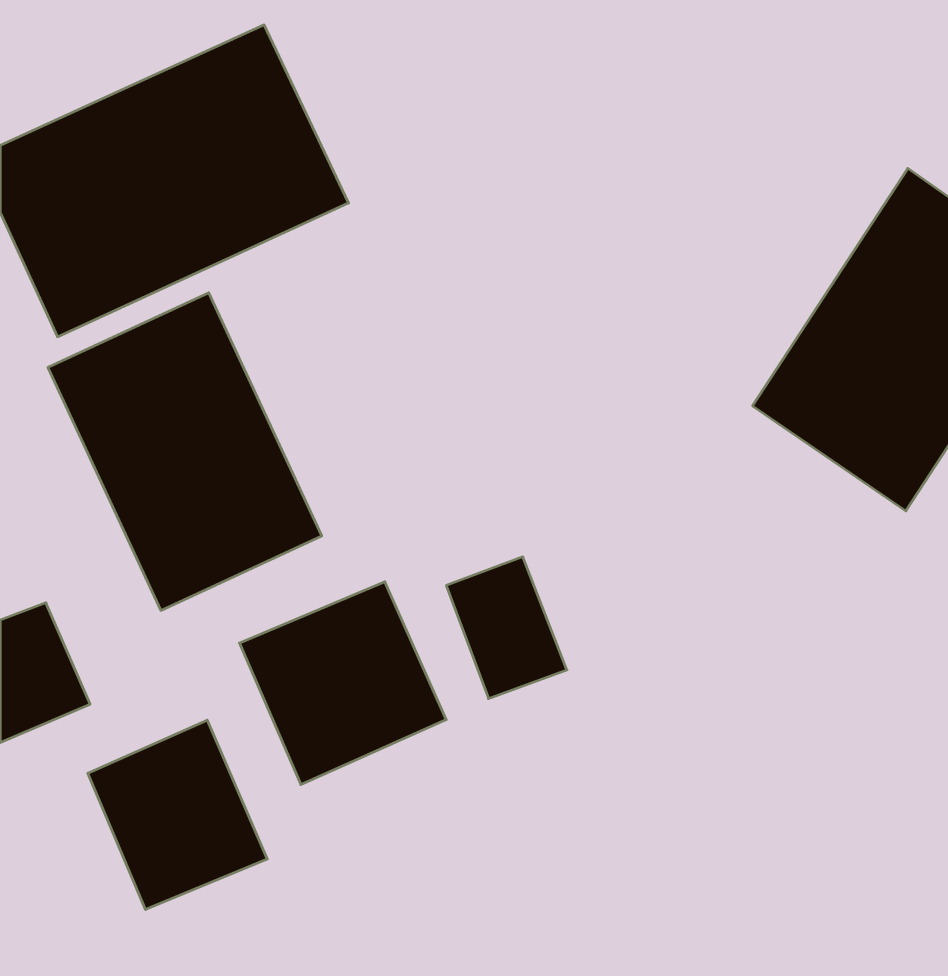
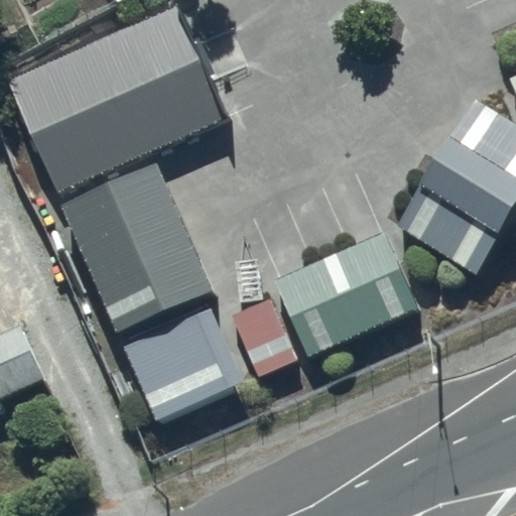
building: none -> [295,228,436,349]
building: [88,720,267,910] -> none

